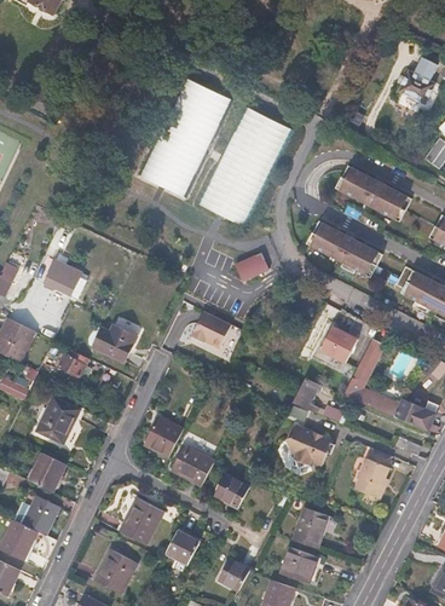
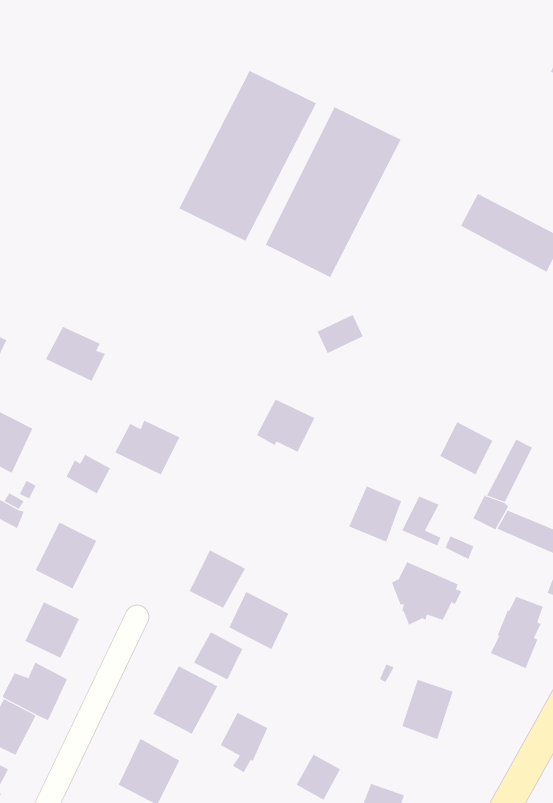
building: [307,219,381,275] -> none
building: none -> [349,486,402,542]
building: [214,473,249,507] -> [193,632,243,680]
building: [281,546,318,583] -> none

